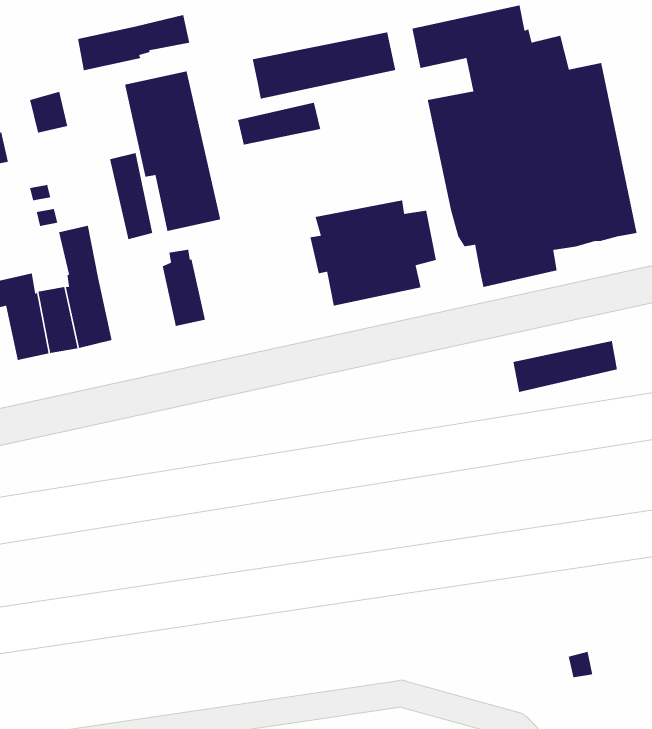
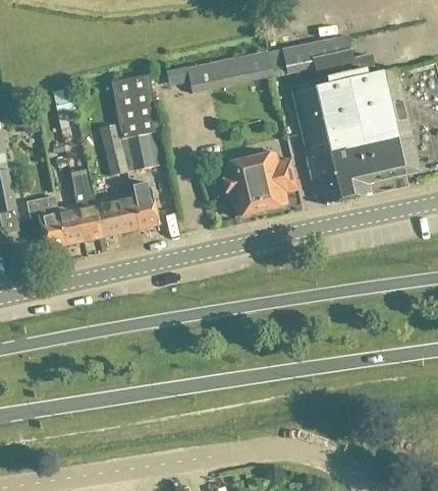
building: [77,14,190,71] -> none
building: [237,102,321,145] -> none
building: none -> [93,191,139,236]
building: [513,340,618,393] -> none

